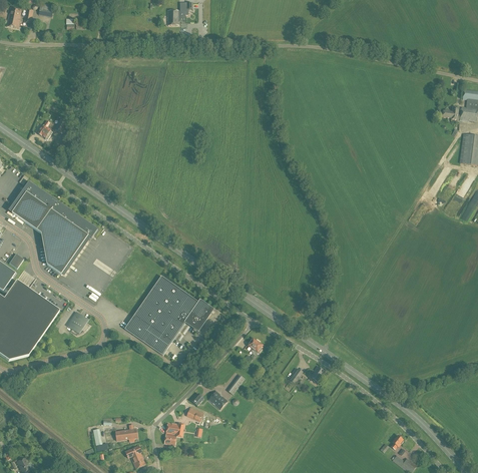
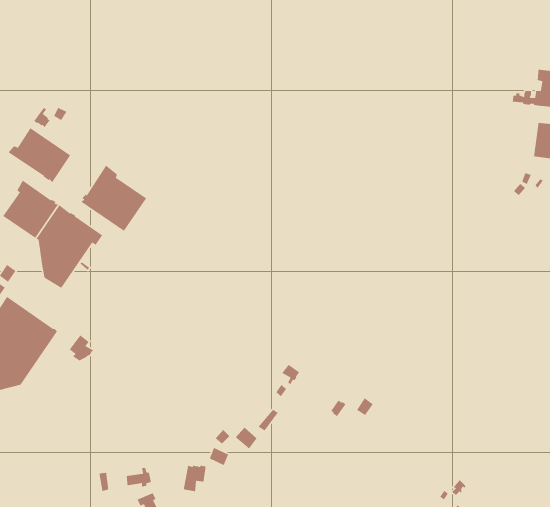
building: none -> [7,127,71,183]
building: none -> [80,165,147,232]
building: [124,276,211,355] -> none

